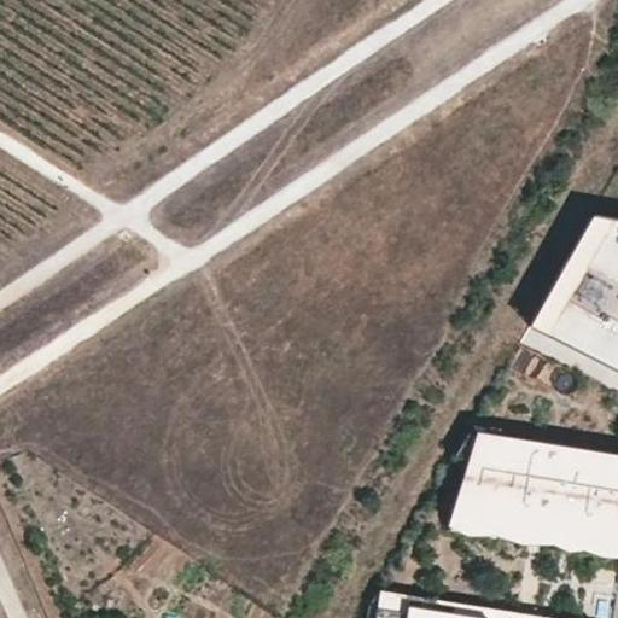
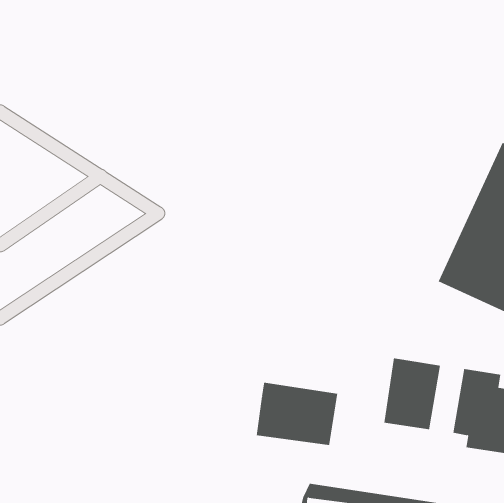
building: [453,426,572,549] -> none
building: none -> [256,382,338,446]

